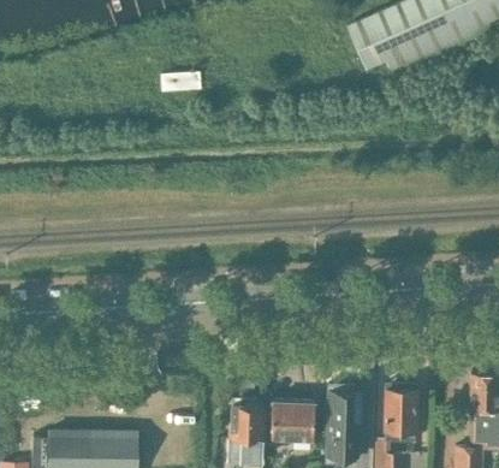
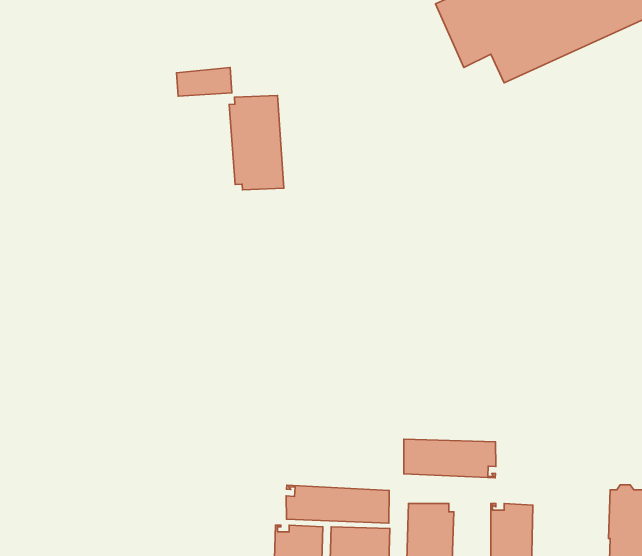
building: none -> [229,95,284,190]
building: none -> [404,439,496,478]
building: none -> [286,485,389,523]

